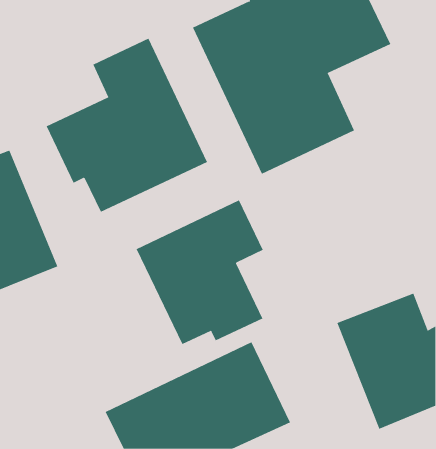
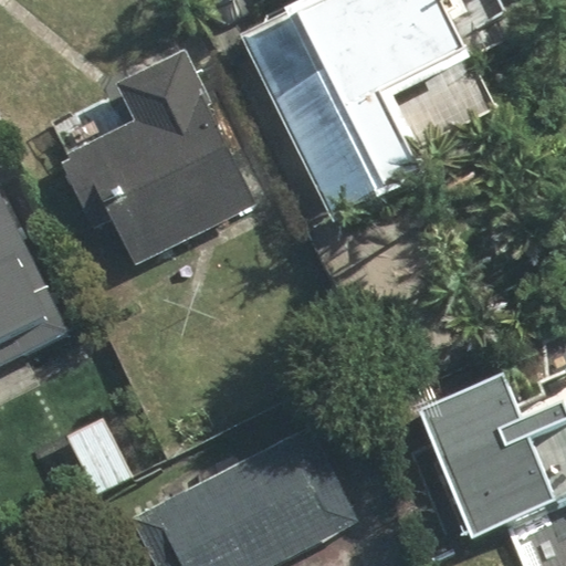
building: [136,200,263,345] -> none

